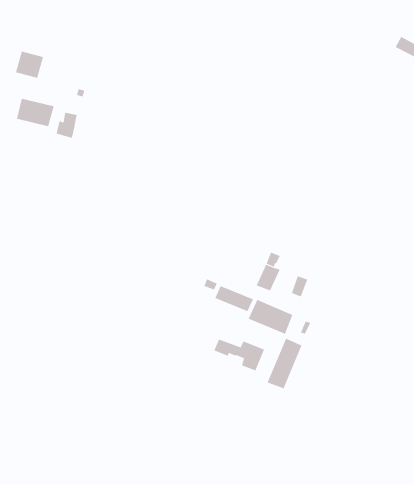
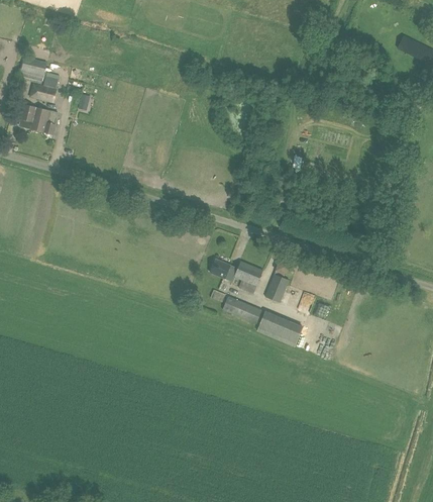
building: [56,112,77,139] -> [35,76,58,103]
building: [267,338,302,389] -> none
building: [214,339,265,371] -> [210,260,262,293]

